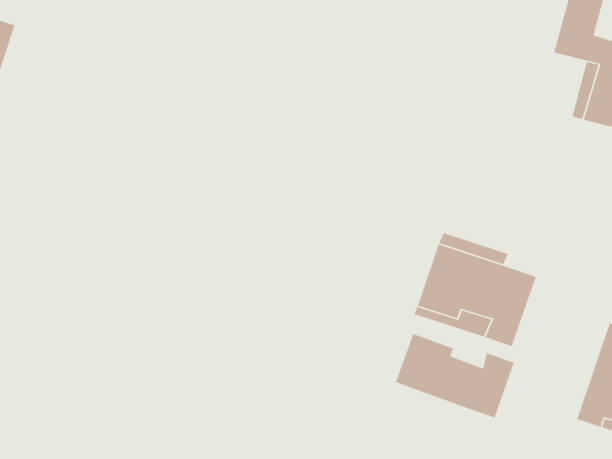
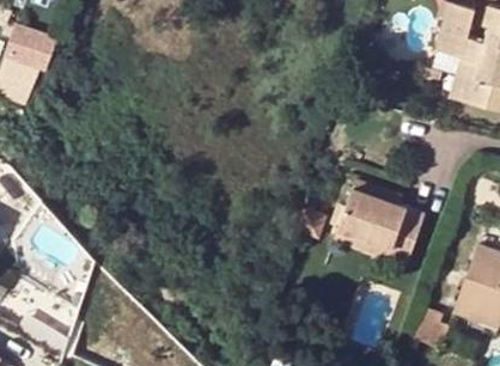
building: [395,333,515,419] -> none

